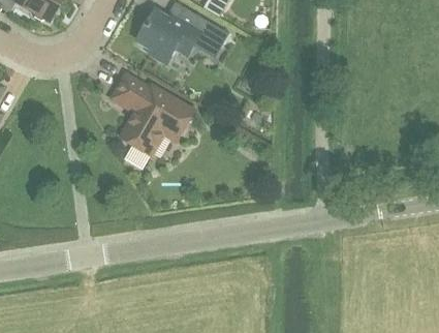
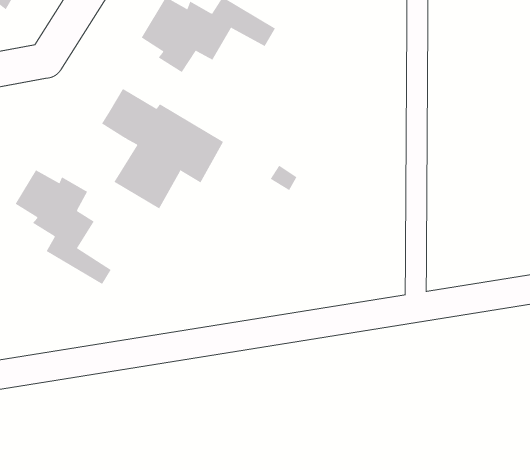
building: none -> [15,169,111,285]

